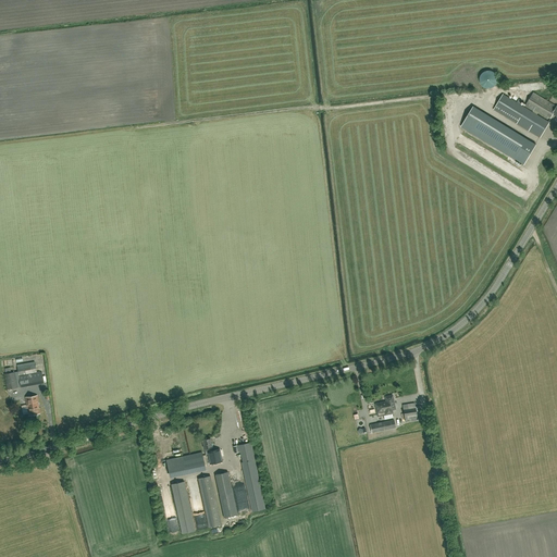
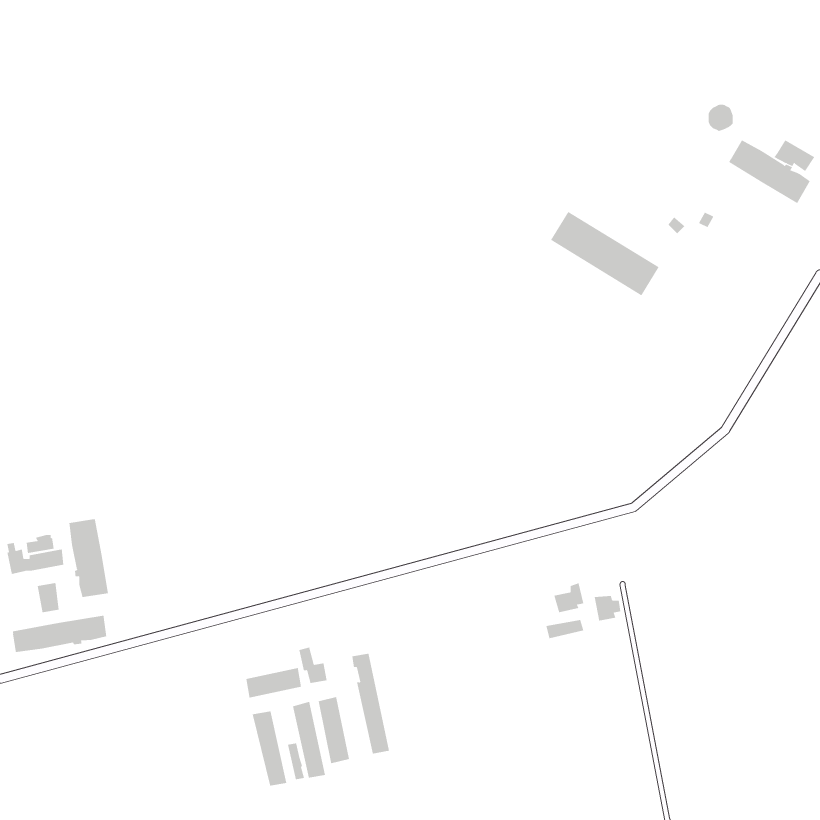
building: [462,107,536,164] -> [550,211,659,296]
building: none -> [69,518,109,598]
building: none -> [12,615,107,653]

